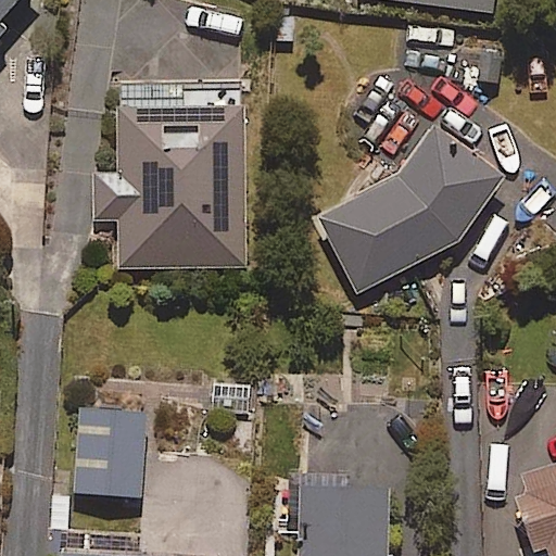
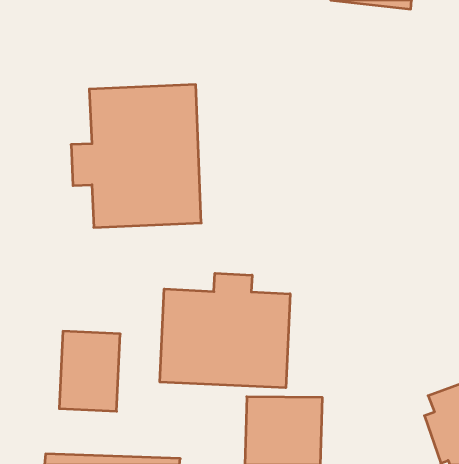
building: [318,127,502,293] -> none
building: none -> [160,273,290,388]

